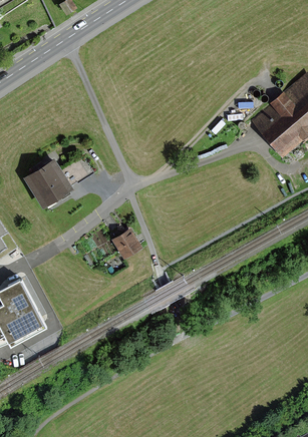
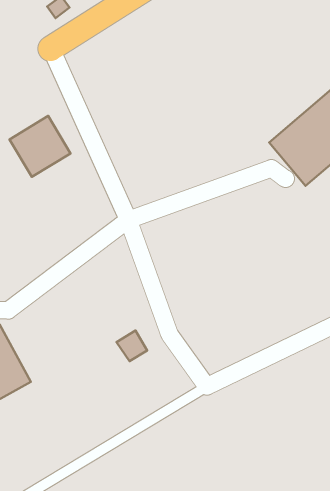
building: [26,157,78,209] -> [9,116,71,177]
building: [113,231,139,257] -> [117,331,147,361]

